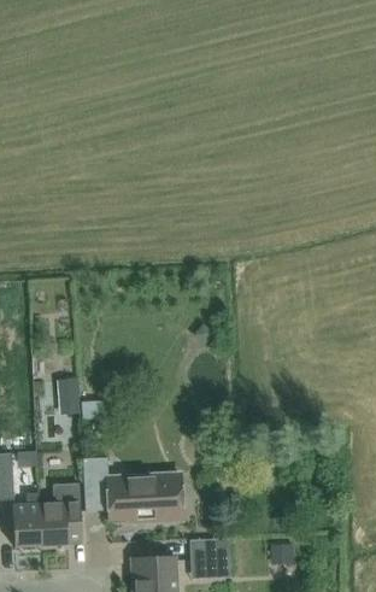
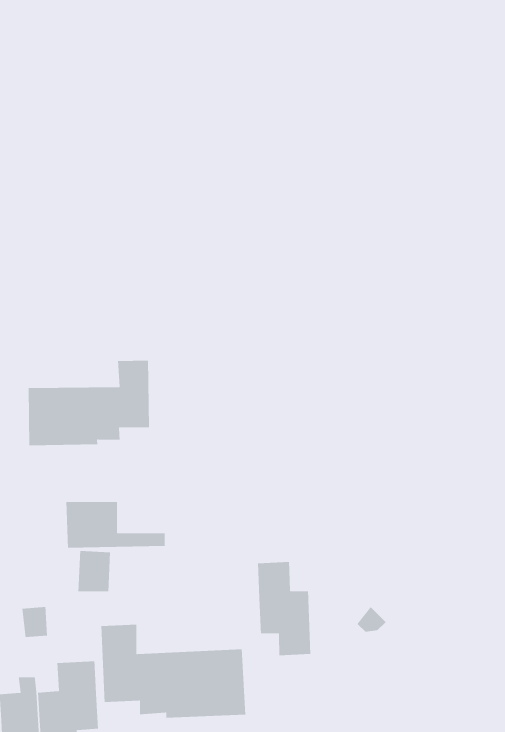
building: none -> [28,360,150,446]
building: none -> [257,561,311,656]

